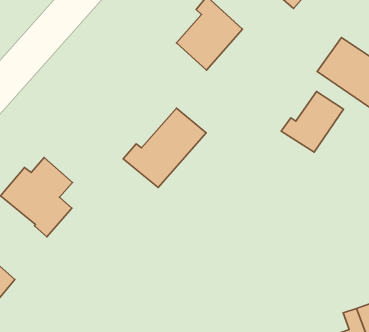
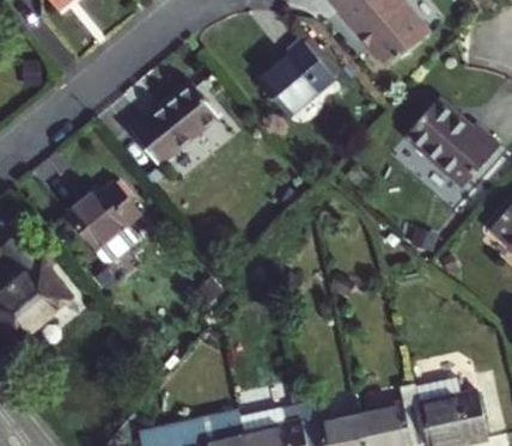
building: [281,91,343,152] -> none
building: [123,108,206,187] -> [130,85,219,163]

